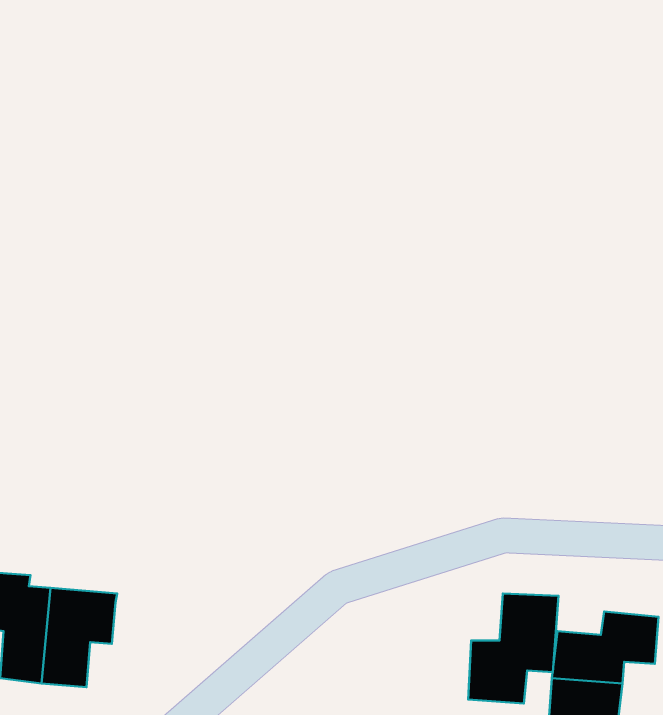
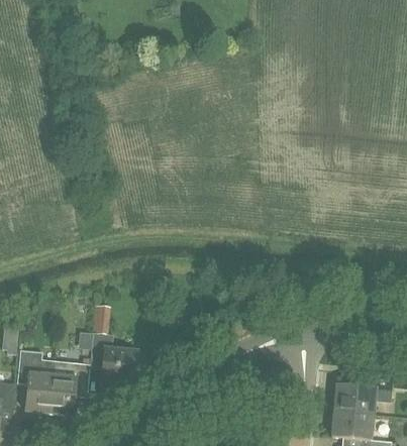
building: none -> [90,304,145,396]
building: [468,593,559,704] -> none

